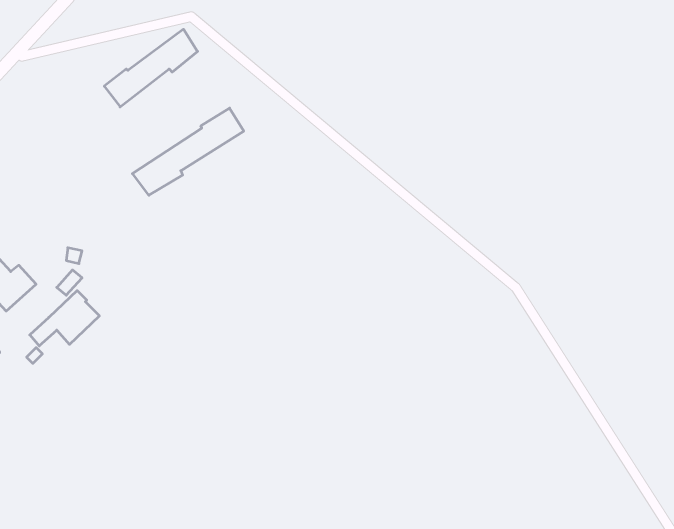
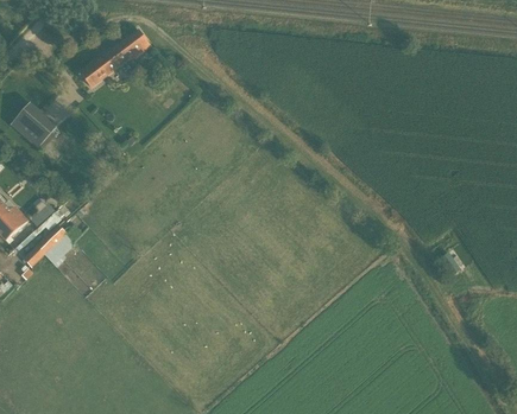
building: [132,108,244,195] -> none
building: none -> [10,100,57,147]

